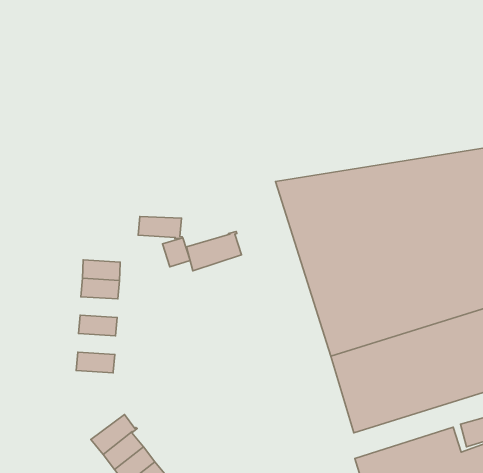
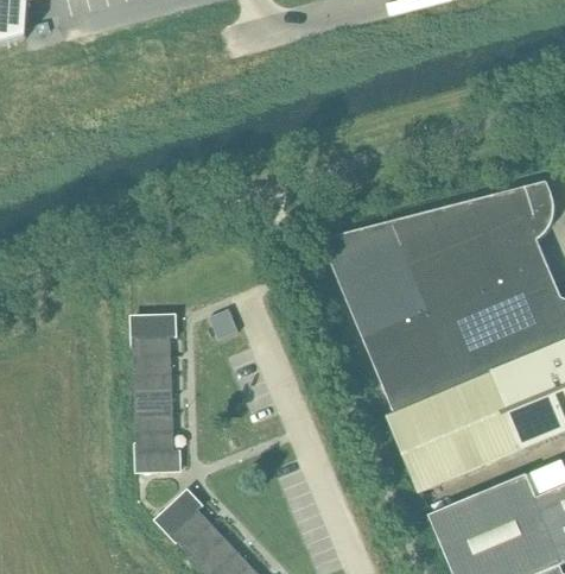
building: [138,217,182,239] -> [131,316,176,338]
building: [186,232,241,271] -> none
building: none -> [132,374,171,395]
building: none -> [133,412,172,433]
building: none -> [134,449,179,472]

